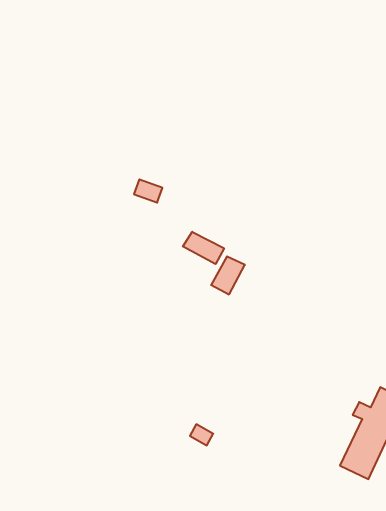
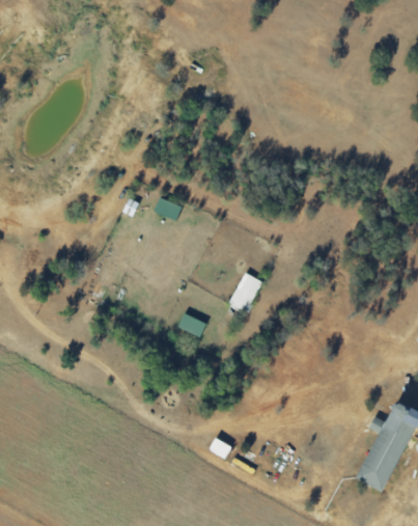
building: [183,232,224,264] -> none
building: none -> [177,313,205,337]

